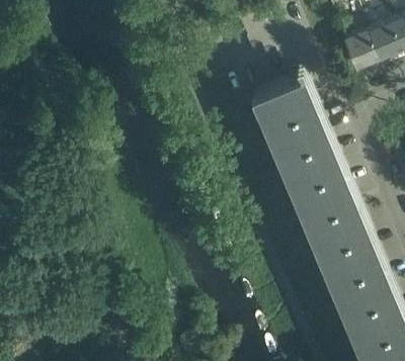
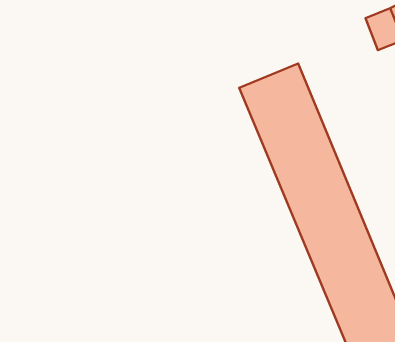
building: [341,32,377,72] -> none

